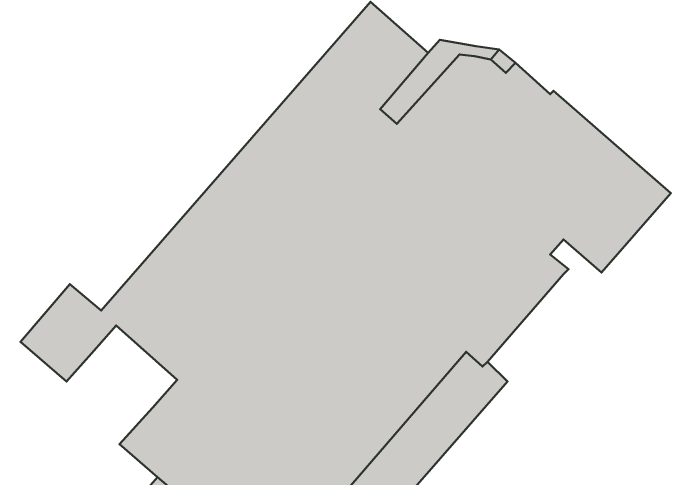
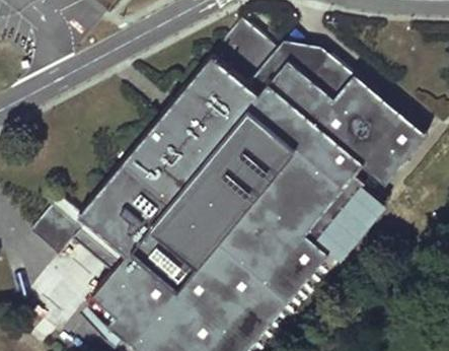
building: none -> [316,189,386,263]
building: none -> [73,220,126,271]

